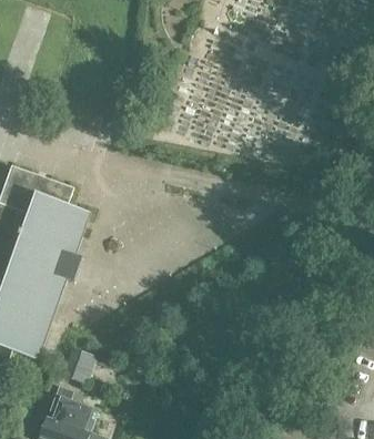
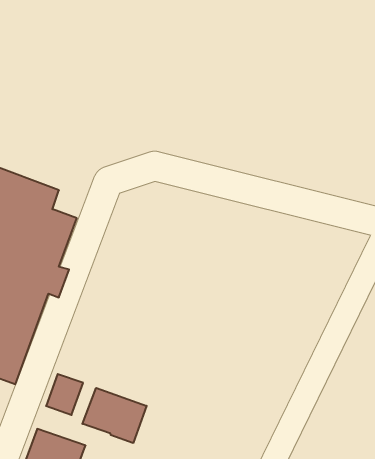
building: none -> [82,388,147,443]

